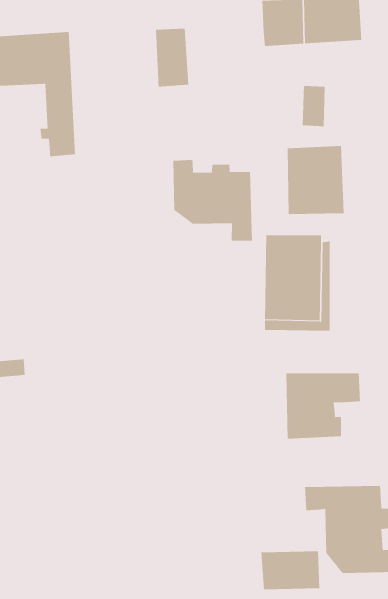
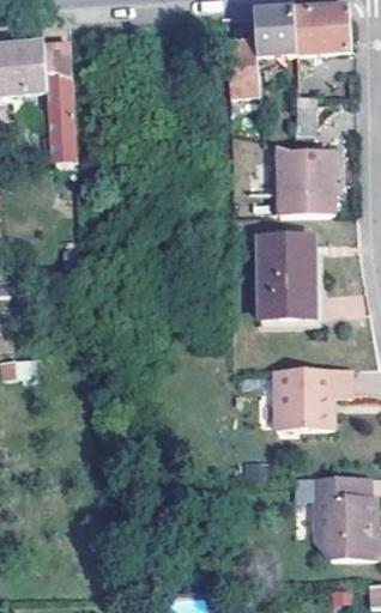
building: [155,28,189,87] -> [226,41,259,97]
building: [173,159,252,241] -> none
building: [261,550,320,590] -> none

